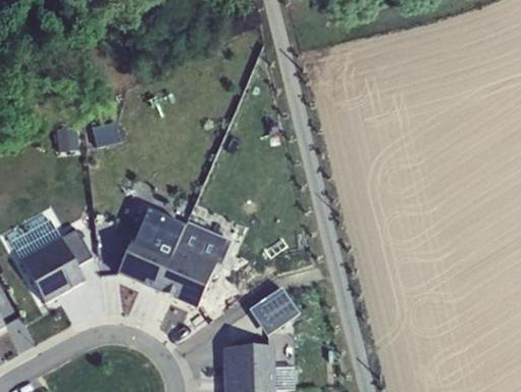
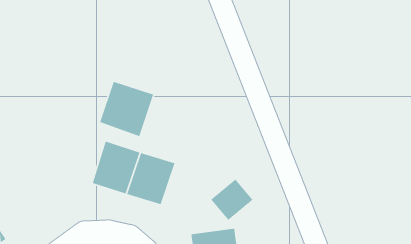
building: none -> [99,81,154,137]
building: [23,220,87,288] -> none

